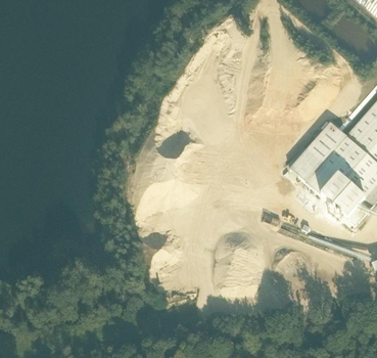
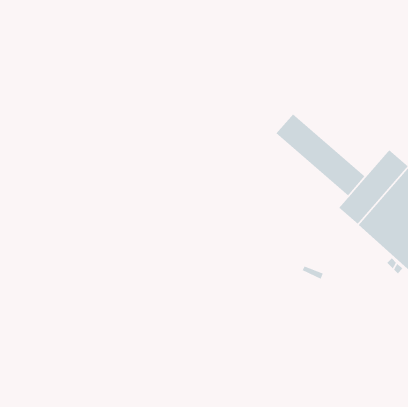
building: none -> [276,113,366,197]

